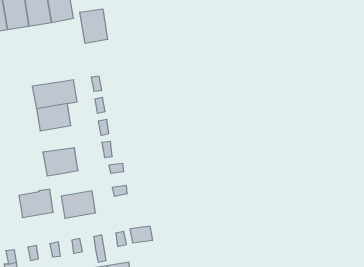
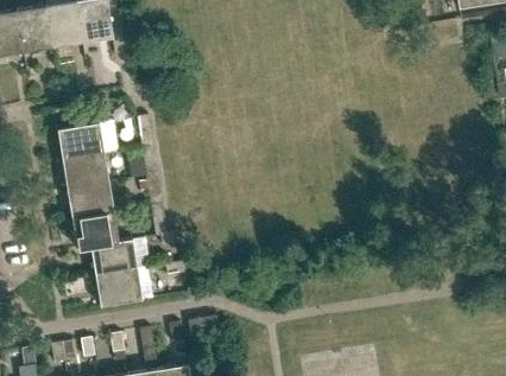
building: [80,9,108,43] -> none
building: none -> [67,181,113,217]
building: [19,189,53,217] -> [90,238,137,276]

